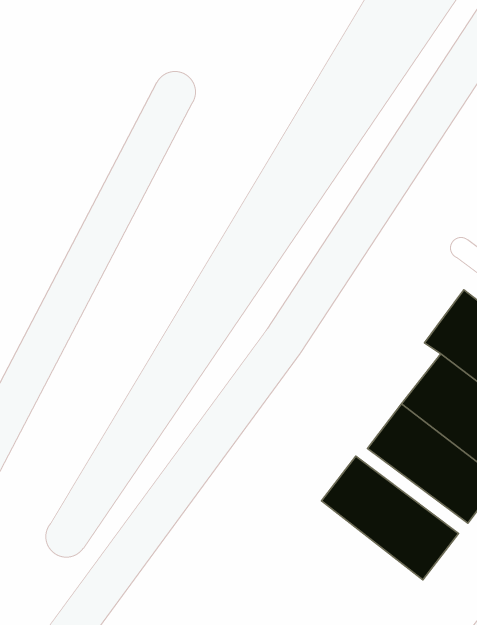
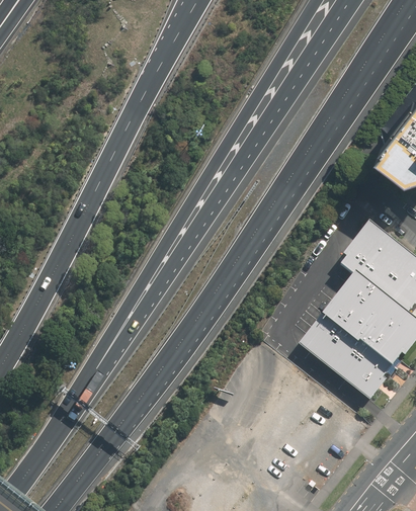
building: [321,456,459,580] -> none

